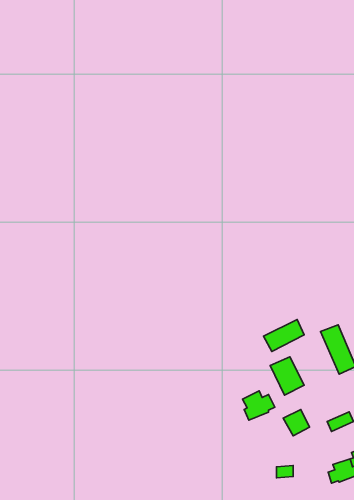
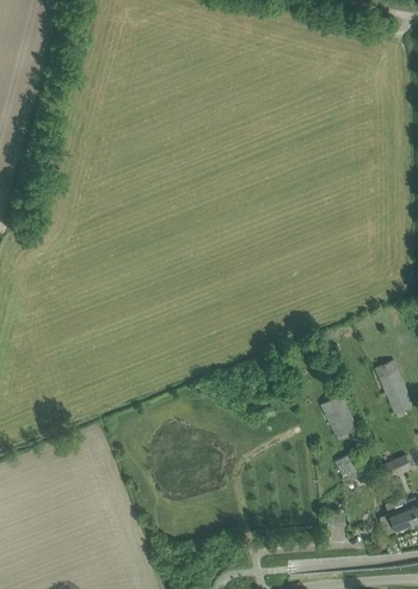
building: [264,320,304,351] -> none
building: [243,391,275,420] -> none

